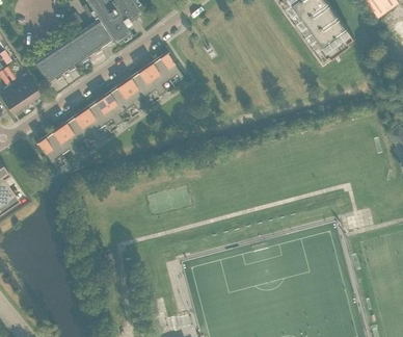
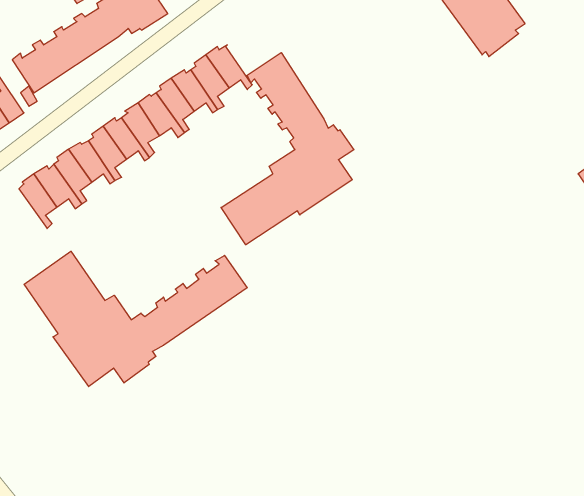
building: none -> [221,53,354,245]
building: none -> [24,251,247,387]

